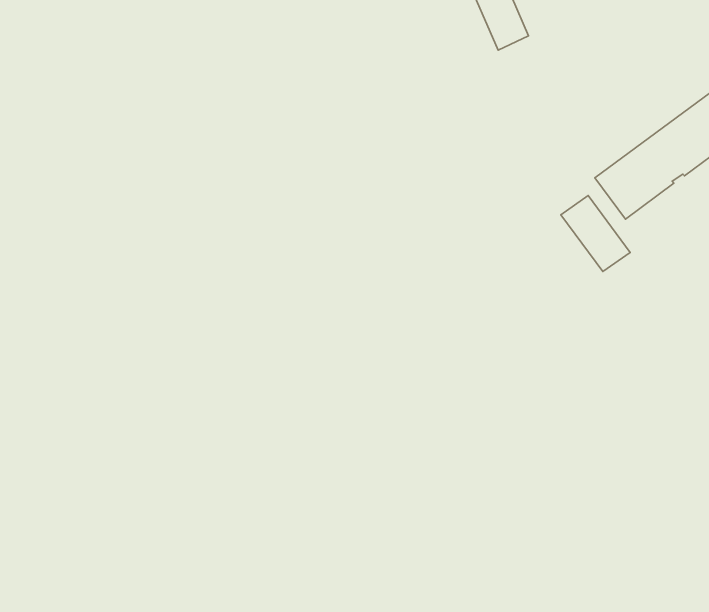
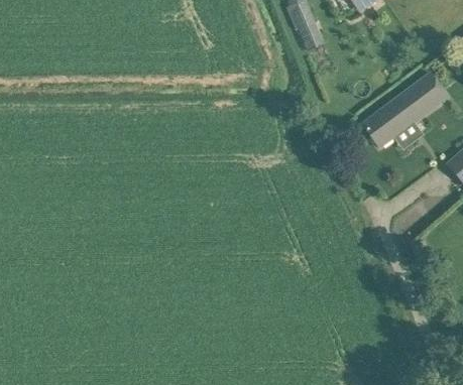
building: [561,196,630,272] -> none

